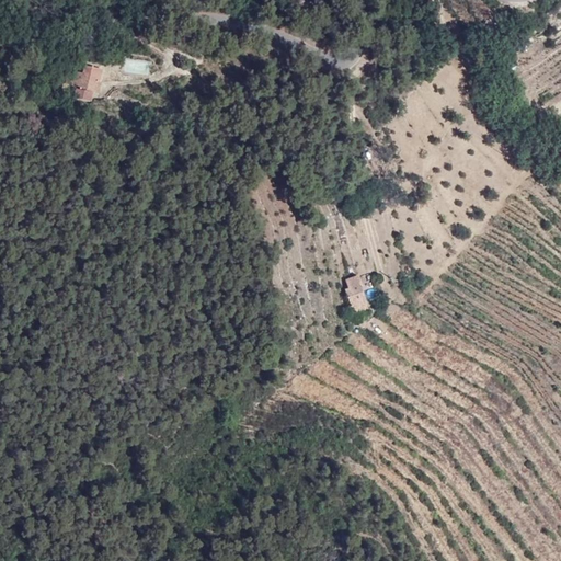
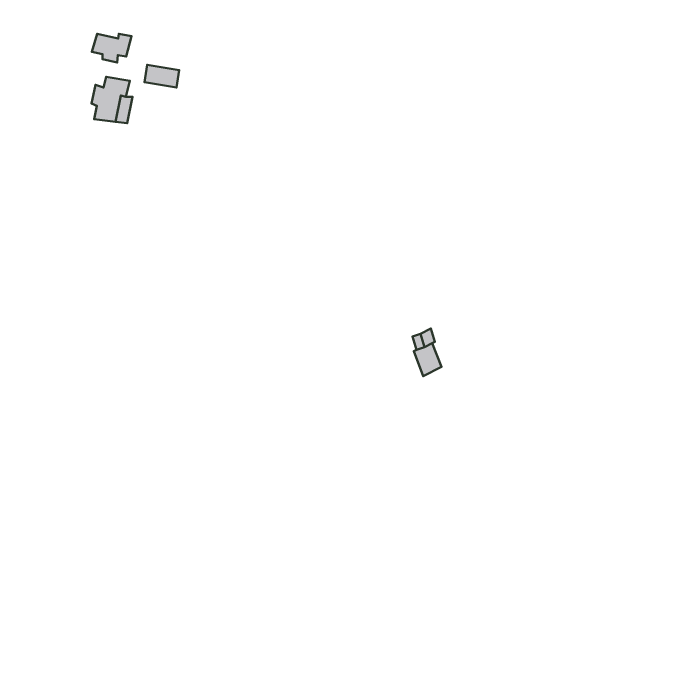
building: none -> [92,34,132,62]

